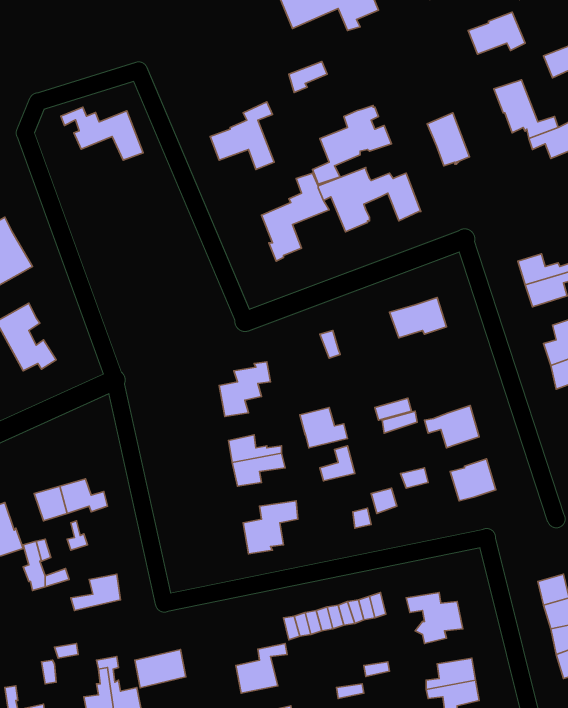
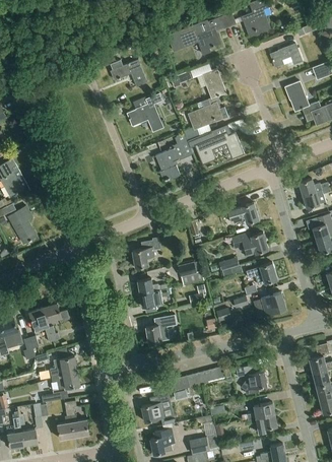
building: [61,107,143,160] -> [102,57,147,86]
building: [427,113,469,166] -> [202,68,225,97]
building: none -> [230,232,267,255]
building: [135,649,186,688] -> [52,370,80,391]

